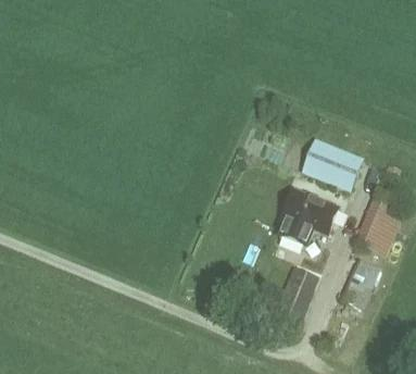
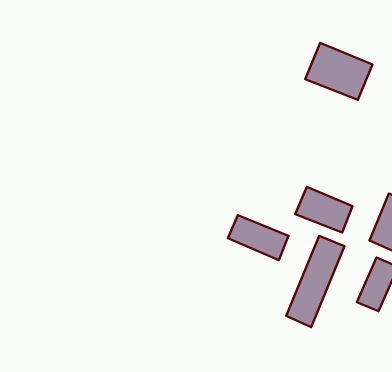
building: [300,138,364,192] -> [305,43,373,100]
building: none -> [228,215,289,260]

